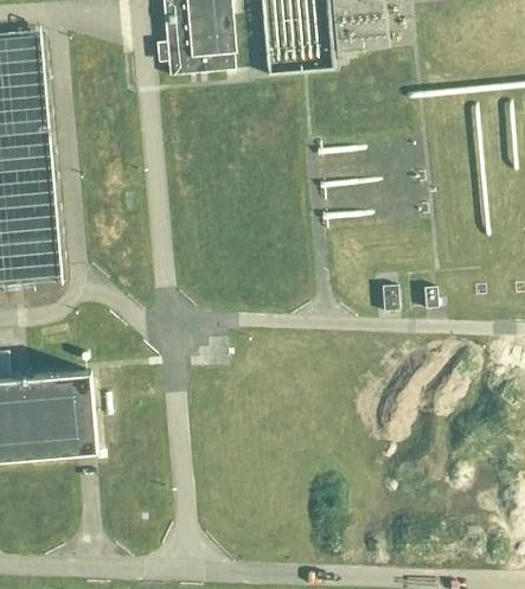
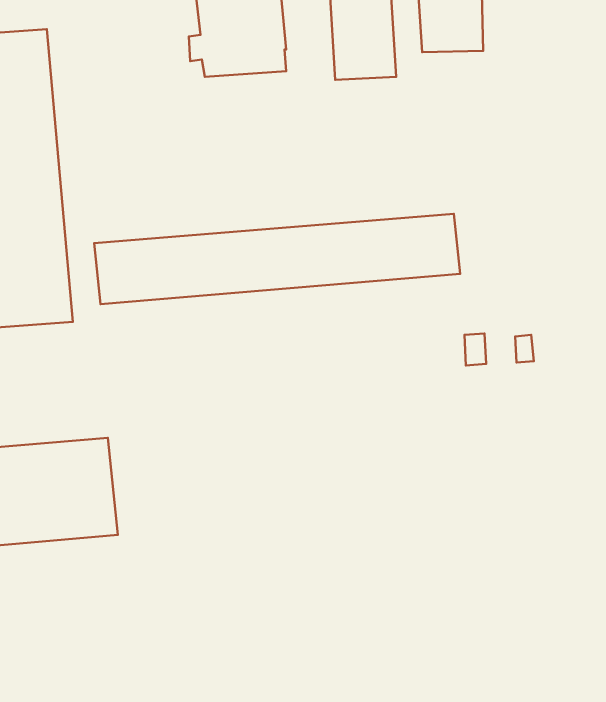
building: none -> [94,214,460,304]

